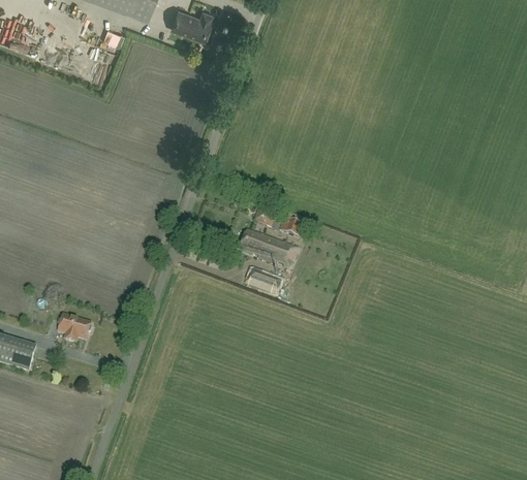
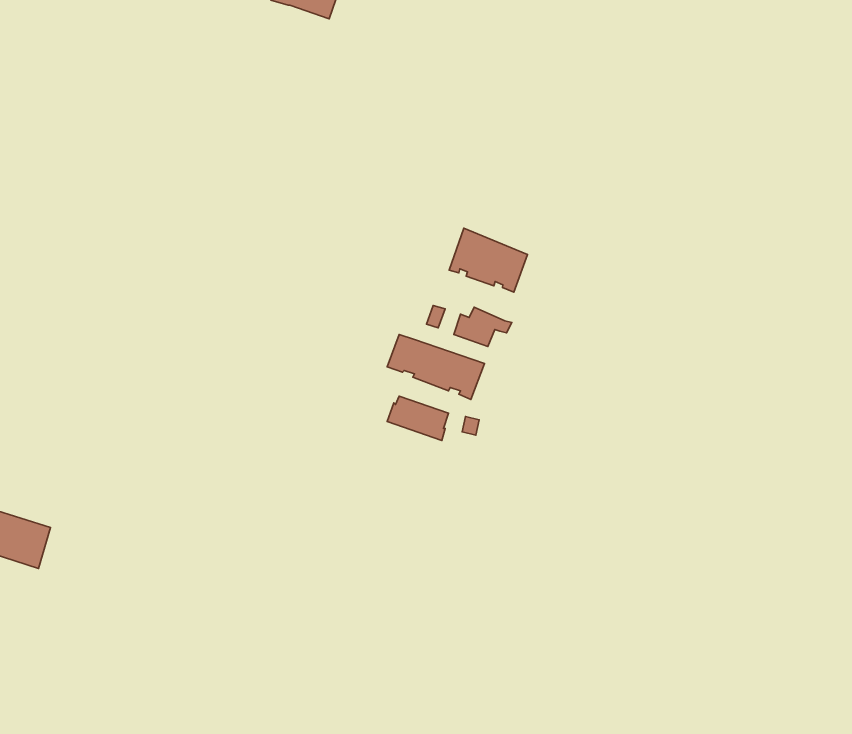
building: none -> [449,228,528,292]
building: [58,315,92,343] -> none

